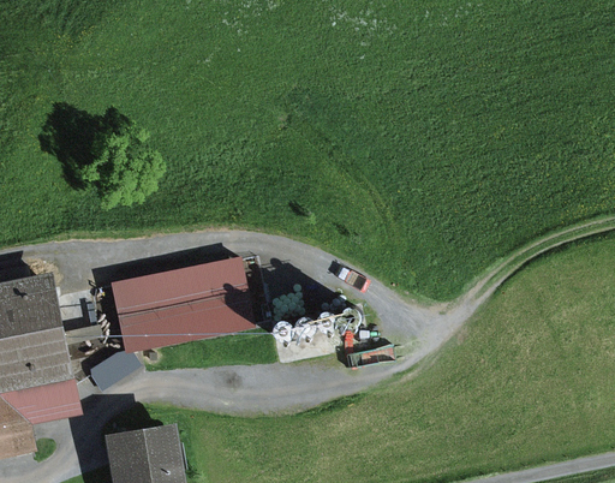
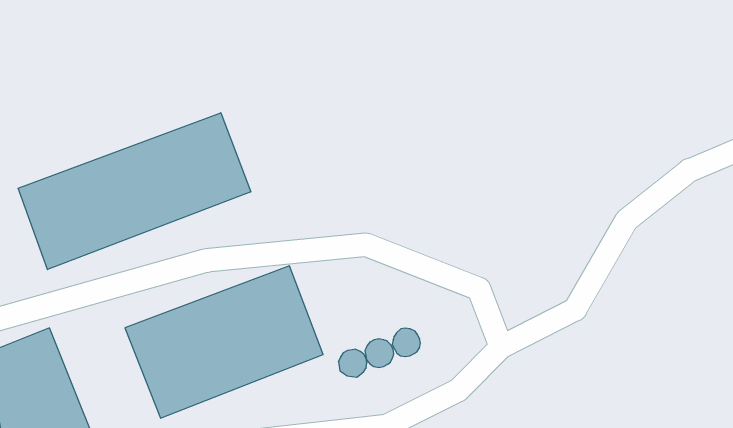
building: none -> [18,113,251,270]

